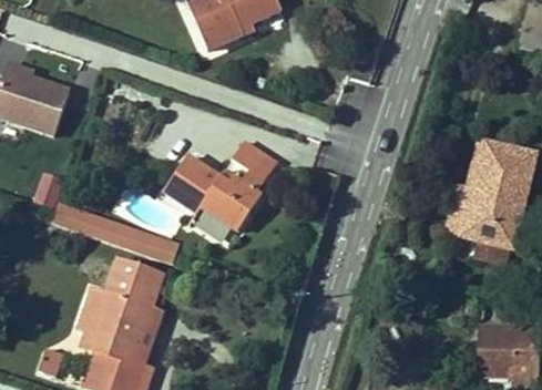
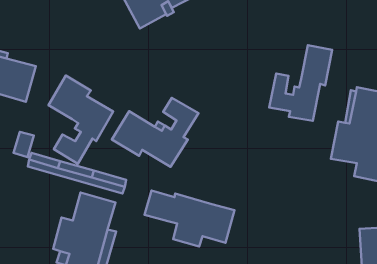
building: none -> [269,45,332,121]
building: none -> [48,75,113,164]
building: none -> [145,191,234,247]

